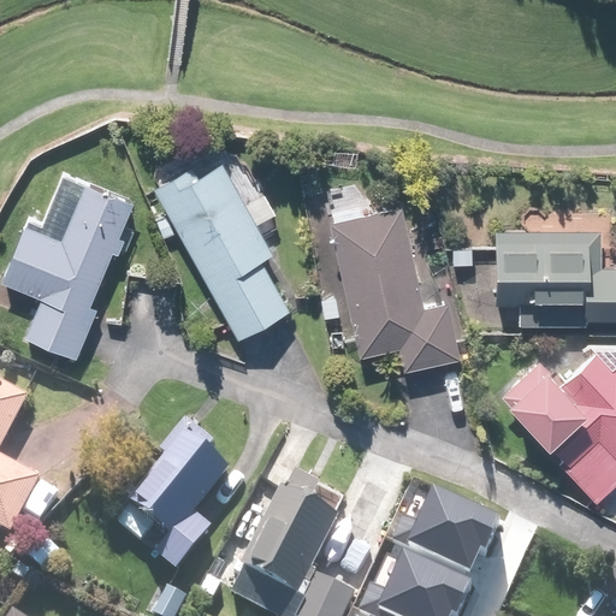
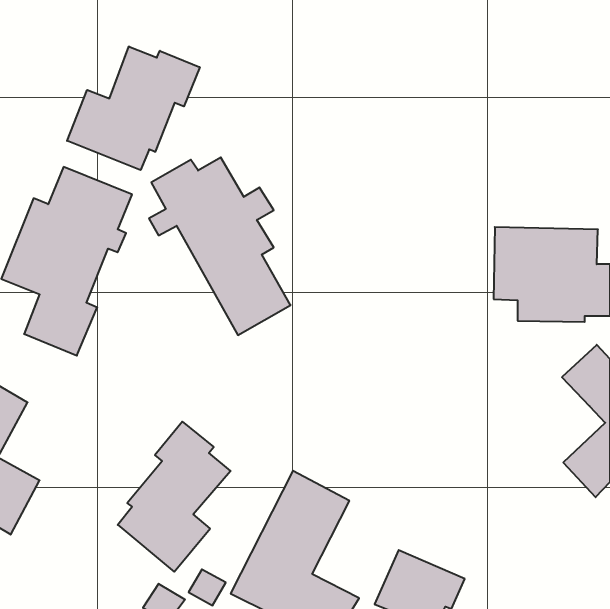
building: none -> [67,46,200,170]
building: [325,208,461,372] -> none
building: [498,356,591,449] -> none
building: [389,487,498,574] -> none

